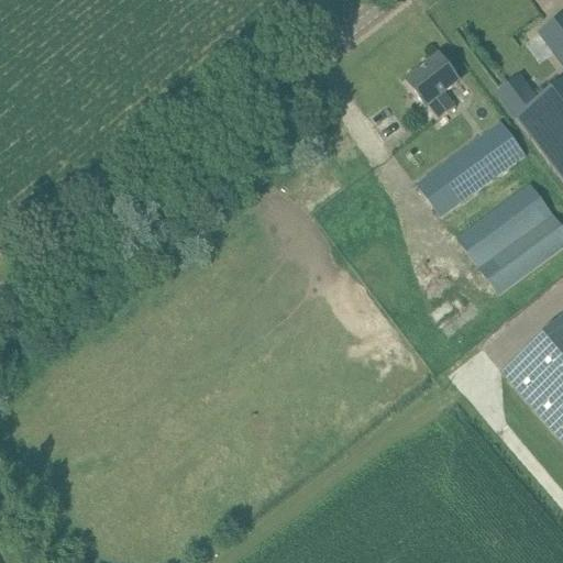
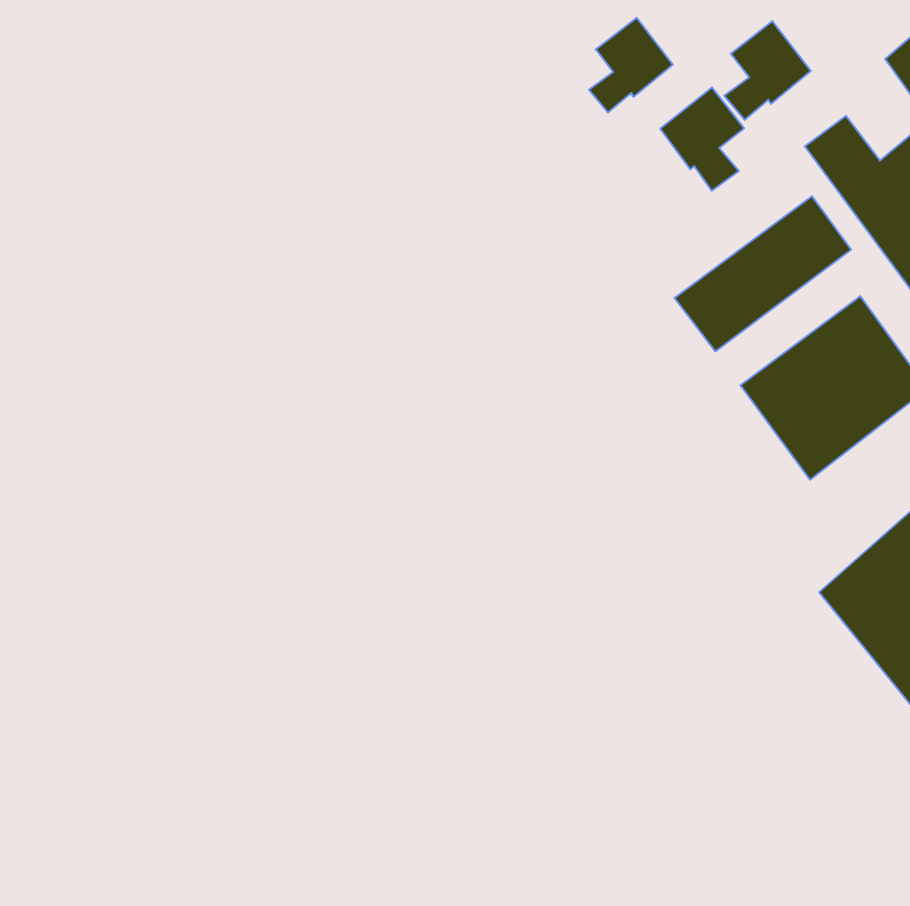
building: none -> [589,18,673,113]
building: none -> [724,21,811,120]

